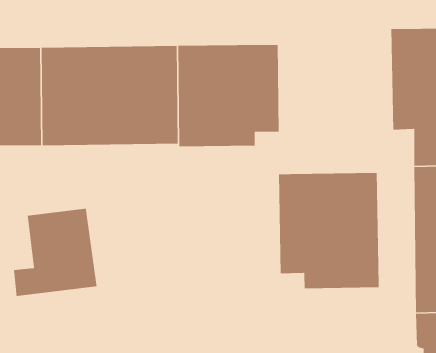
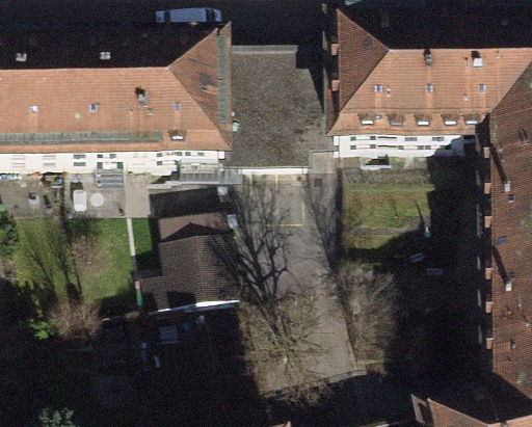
building: none -> [335,33,463,151]
building: [278,172,380,289] -> none
building: [13,208,97,297] -> [145,210,241,311]

